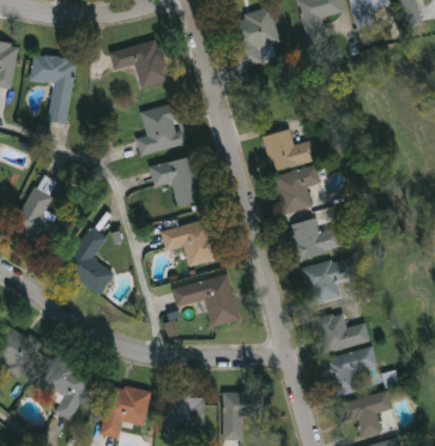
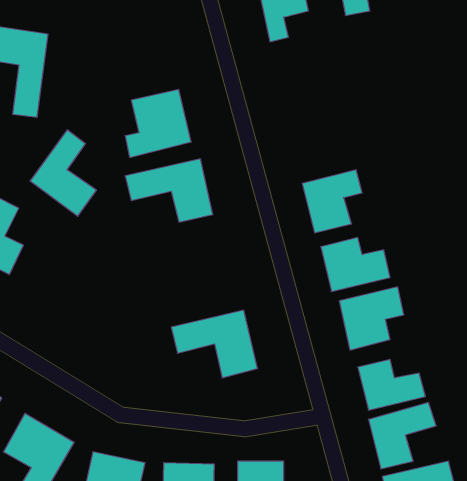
building: [109,40,168,88] -> none
building: [262,129,316,171] -> none
building: [161,218,222,266] -> none
building: [62,228,114,295] -> [30,130,96,216]

